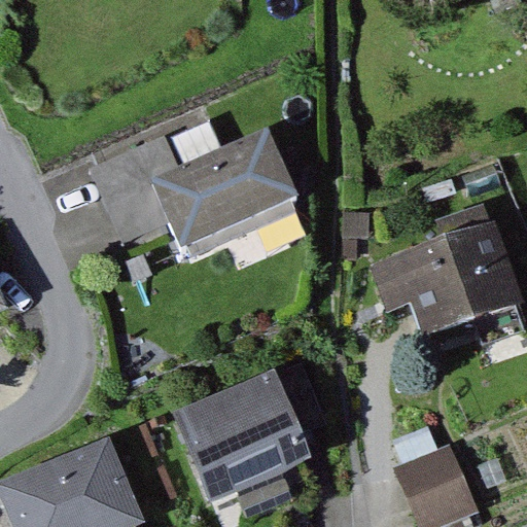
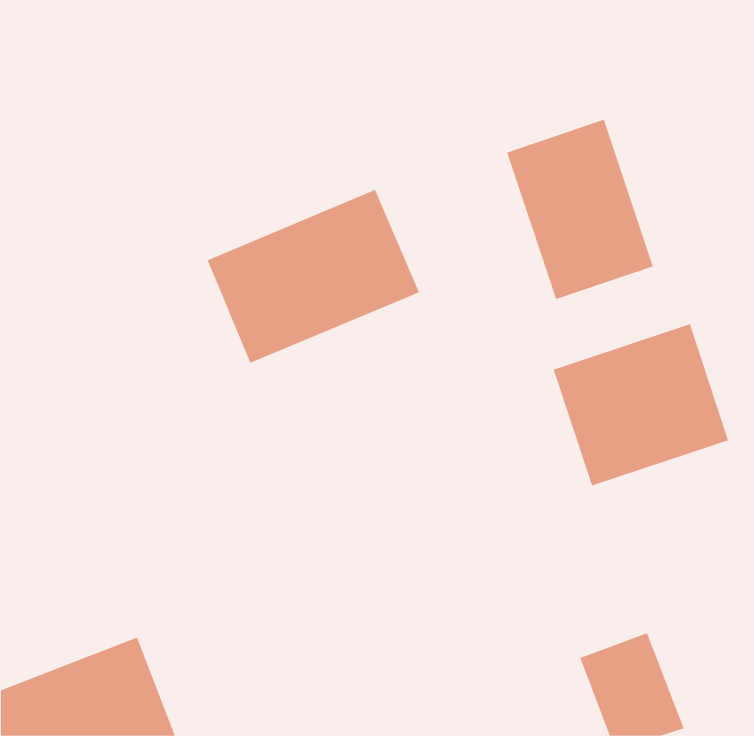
building: none -> [507,119,653,300]
building: [182,367,327,496] -> none

